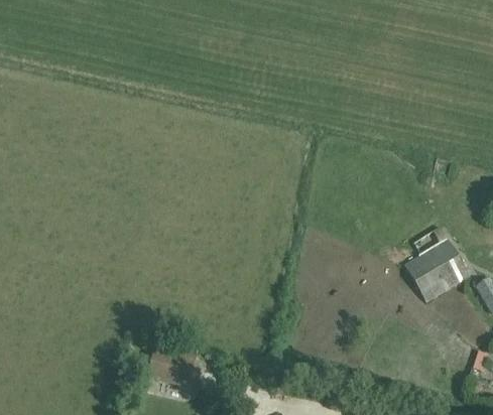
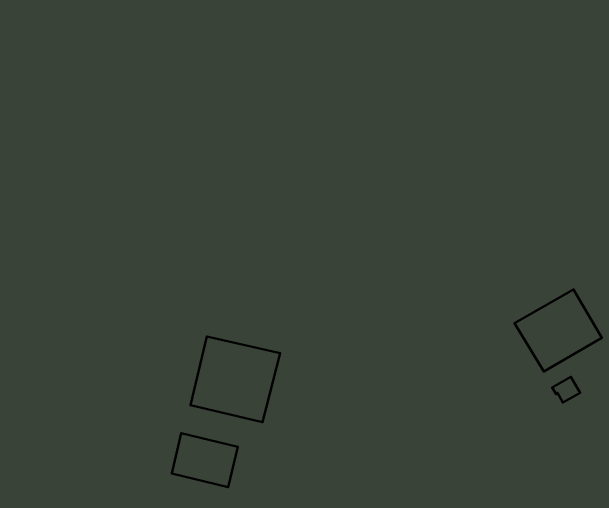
building: none -> [190,337,280,422]

